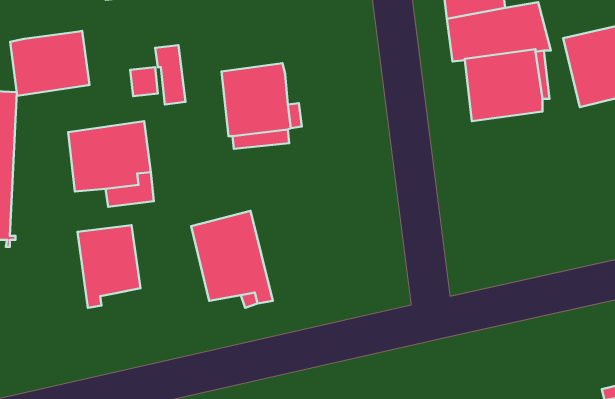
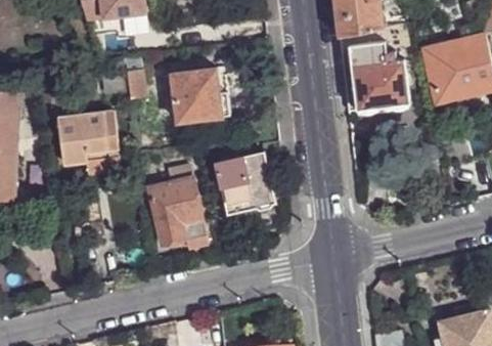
building: [10,31,90,96] -> none
building: none -> [215,150,274,213]
building: [78,225,140,308] -> none

